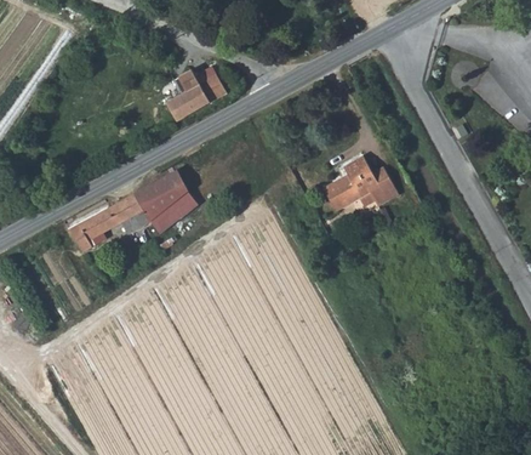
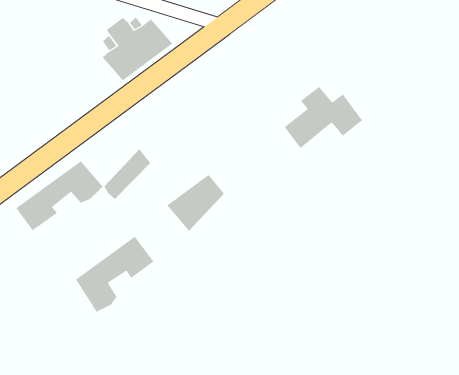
building: [135,170,189,220] -> [166,174,225,232]
building: none -> [75,236,154,312]

